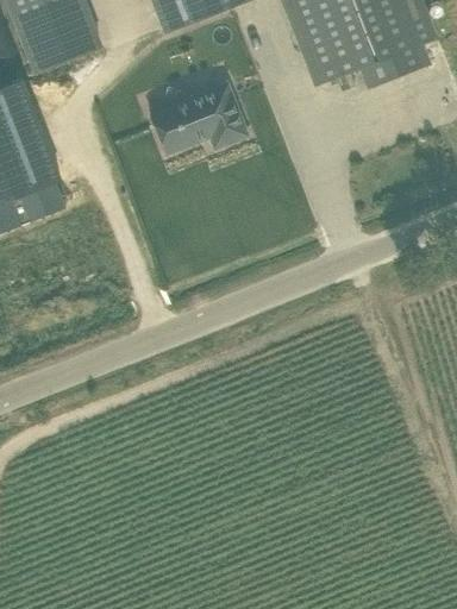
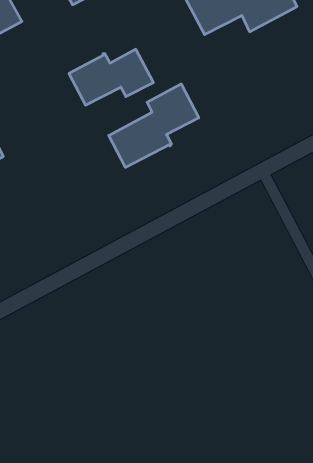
building: none -> [109,84,199,167]

